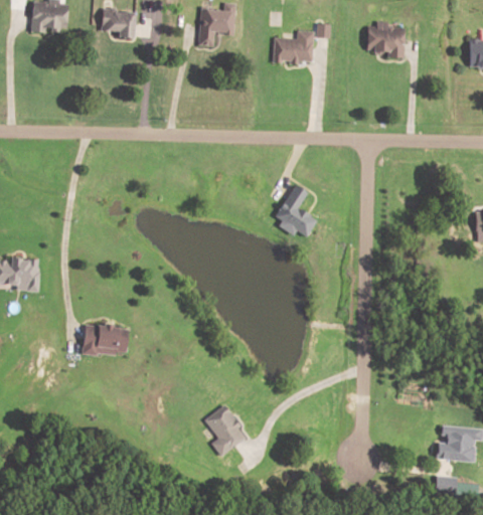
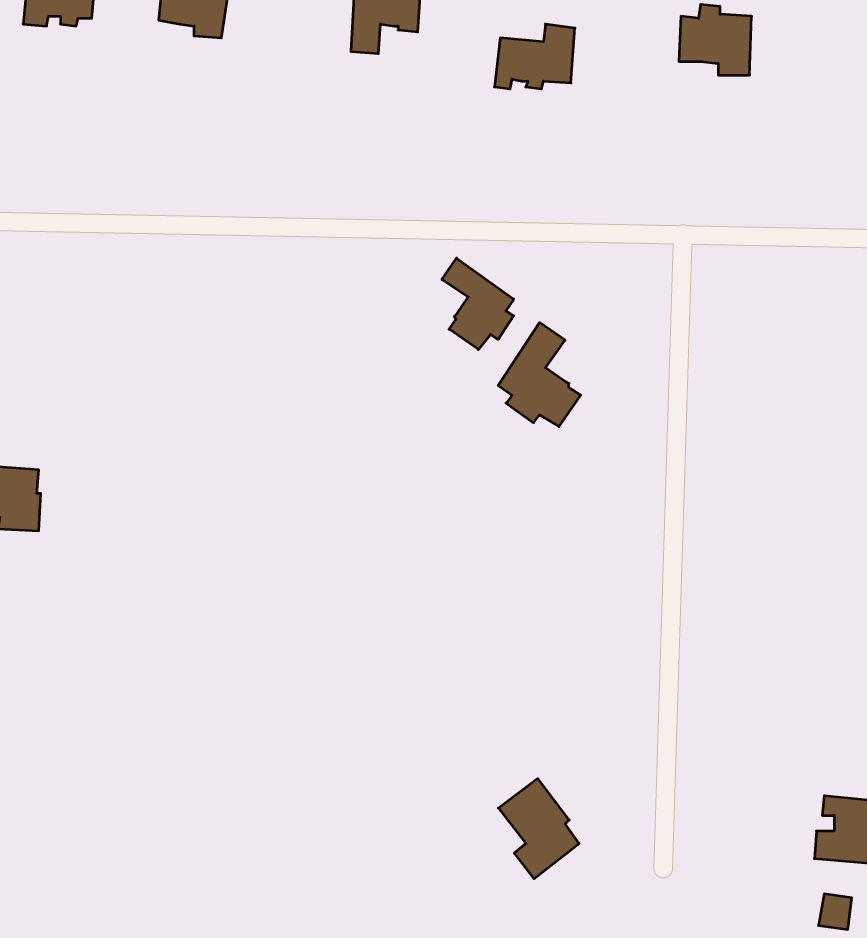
building: none -> [442,258,514,350]
building: [83,322,128,355] -> none
building: [203,404,245,456] -> [498,779,579,879]

